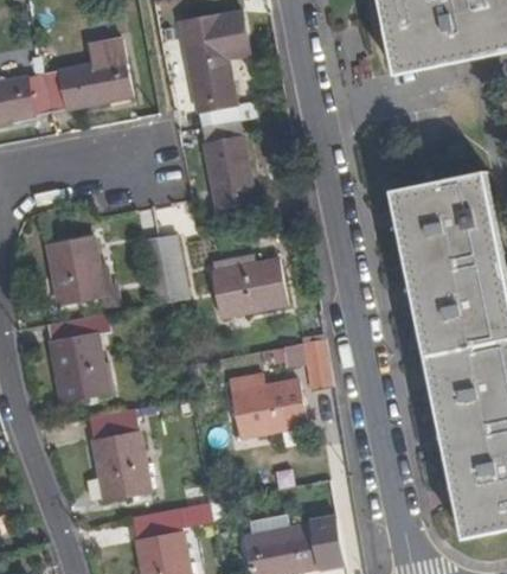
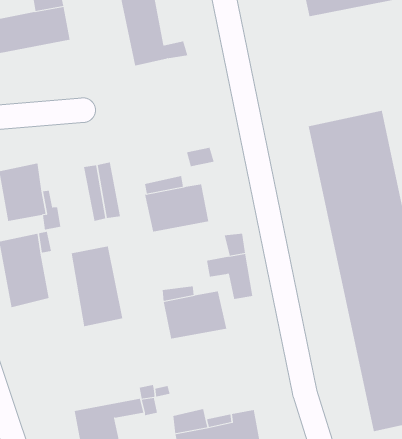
building: [201,119,255,206] -> none
building: [90,407,149,498] -> [71,246,123,327]

